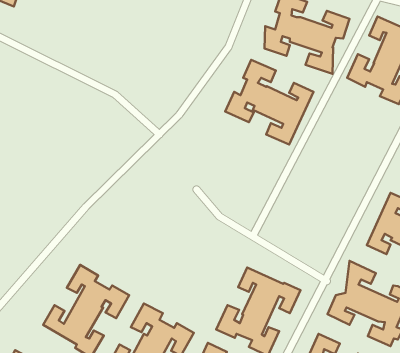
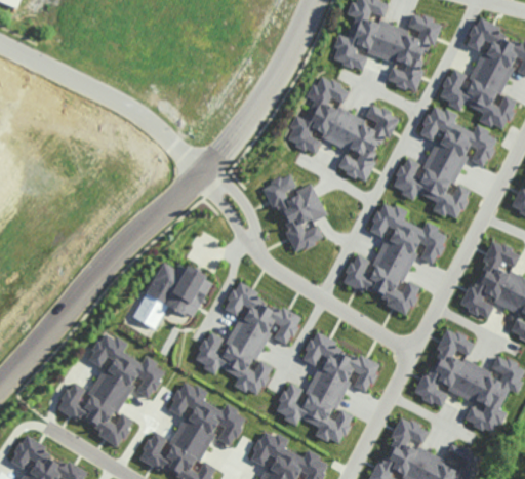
building: none -> [391,105,497,221]
building: none -> [262,174,325,252]
building: none -> [342,205,446,316]
building: none -> [133,263,212,329]
building: none -> [194,286,301,397]

